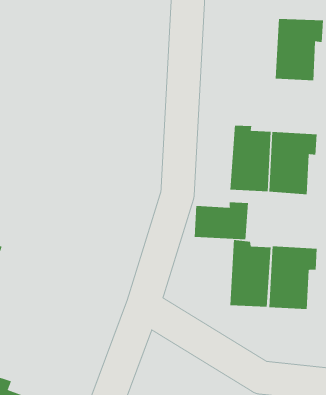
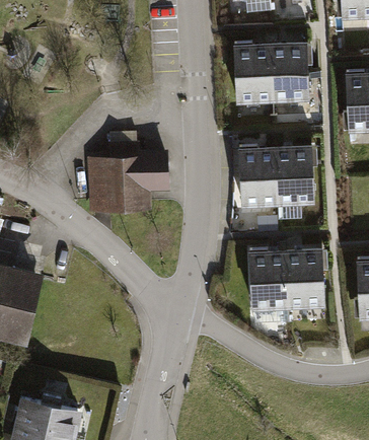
building: none -> [234,43,272,102]
building: none -> [91,145,165,209]
building: [194,202,248,240] -> none

